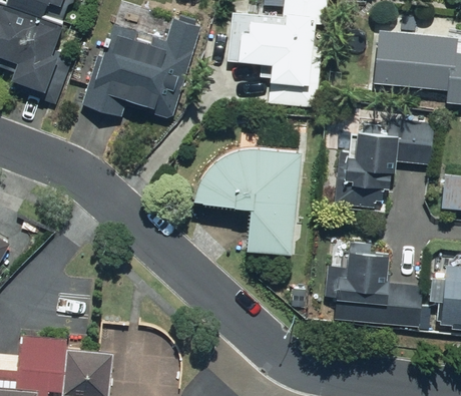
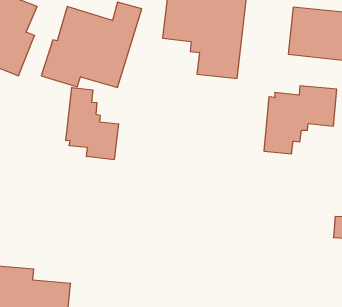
building: none -> [66,87,118,160]
building: [195,145,304,255] -> none
building: [322,250,421,330] -> none

